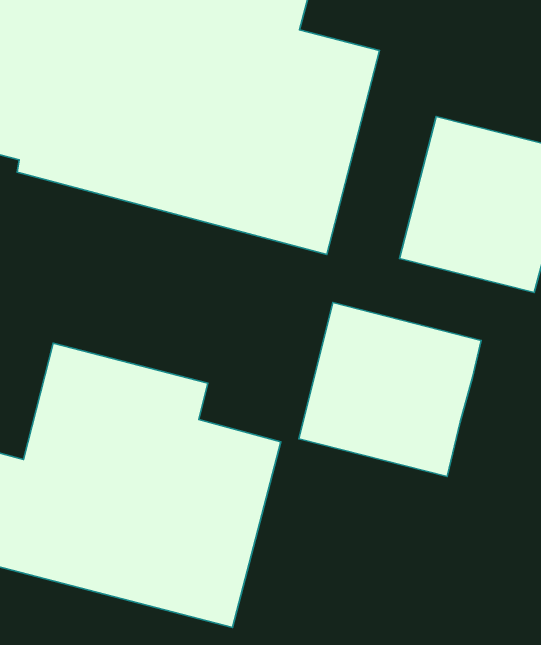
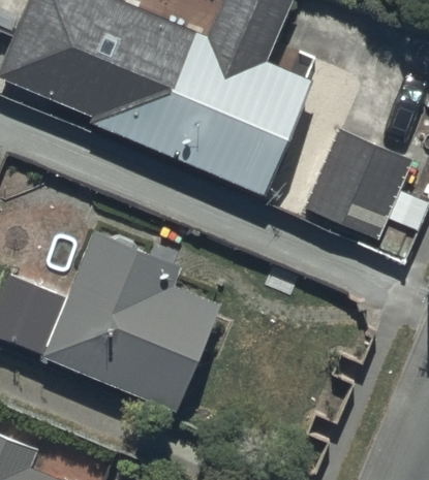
building: [299,303,481,477] -> none

